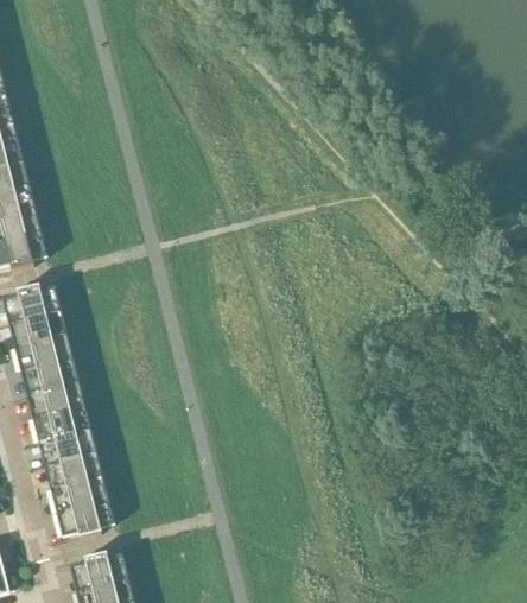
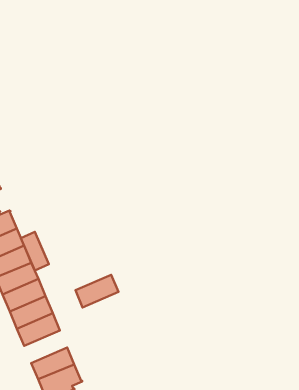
building: none -> [21,232,49,270]
building: [45,449,101,485] -> [75,275,118,307]

